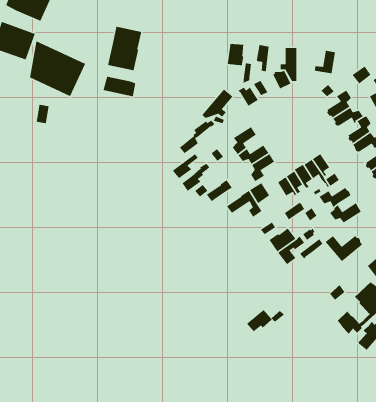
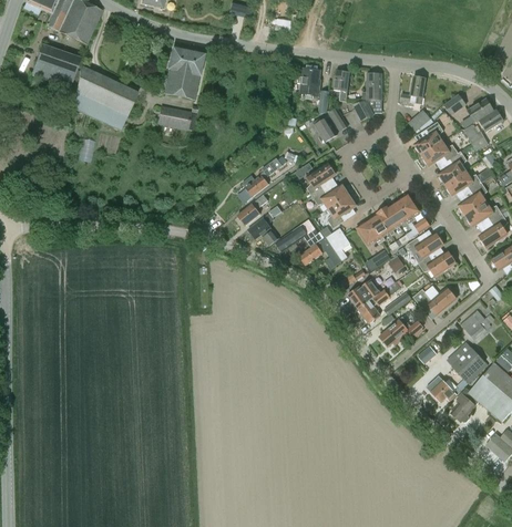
building: [201,88,233,119] -> none
building: [246,309,285,332] -> [379,320,423,347]

